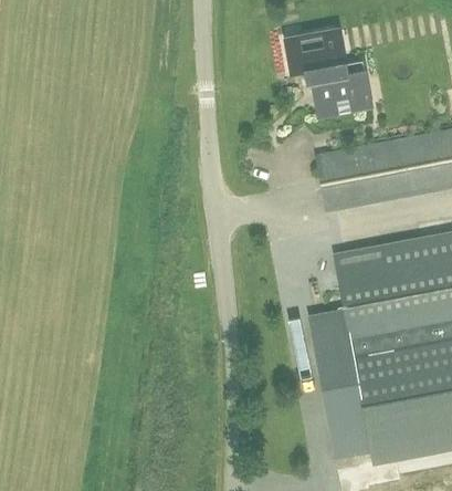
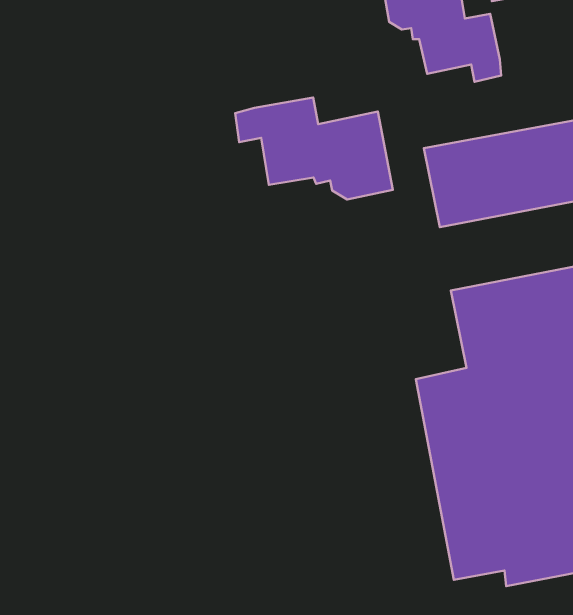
building: none -> [235,98,393,199]

